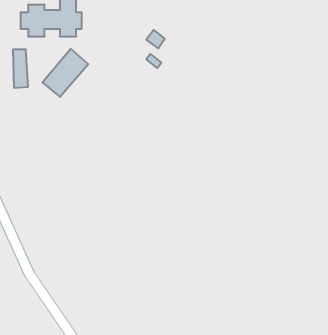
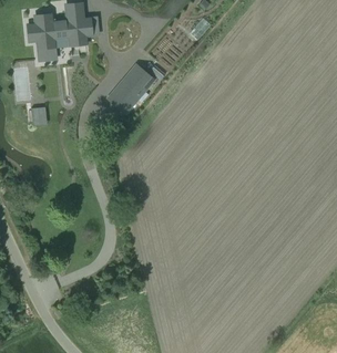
building: [42,49,88,97] -> [108,64,154,113]

